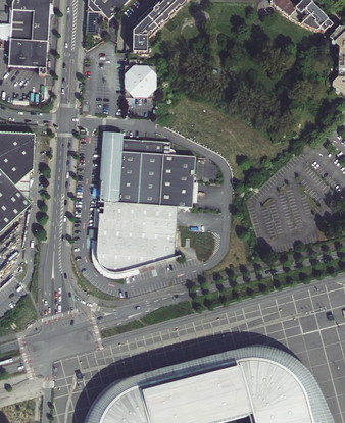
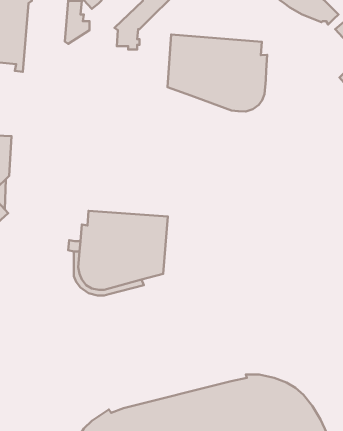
building: none -> [167,35,267,111]
building: [125,64,156,96] -> none
building: [100,131,195,208] -> none

